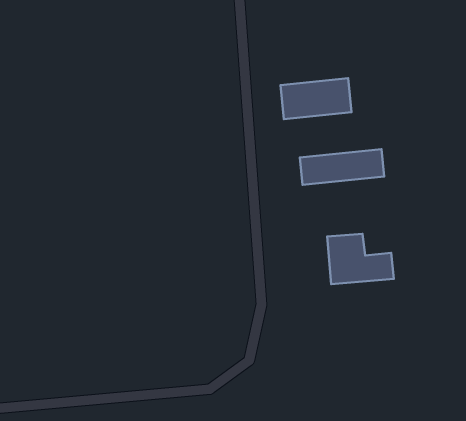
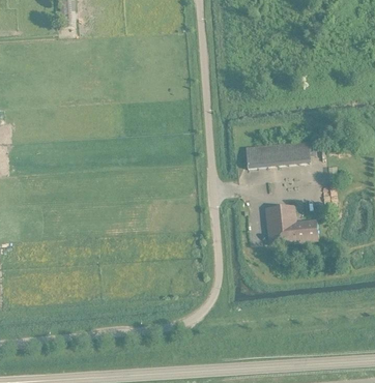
building: [281,78,352,119] -> none

